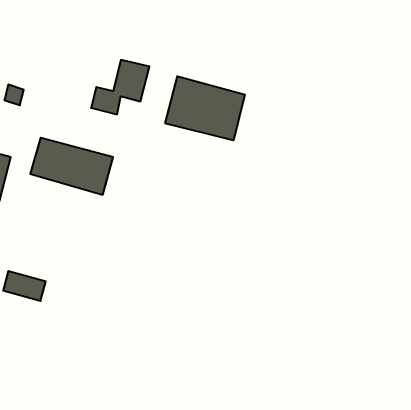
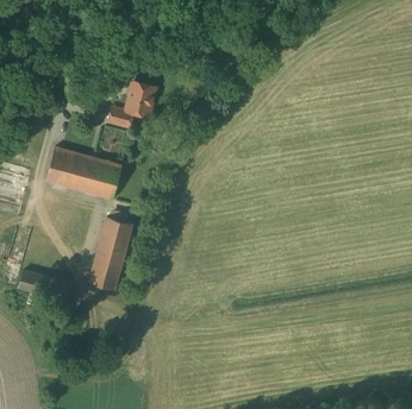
building: [165,76,245,140] -> none
building: none -> [88,212,135,289]

